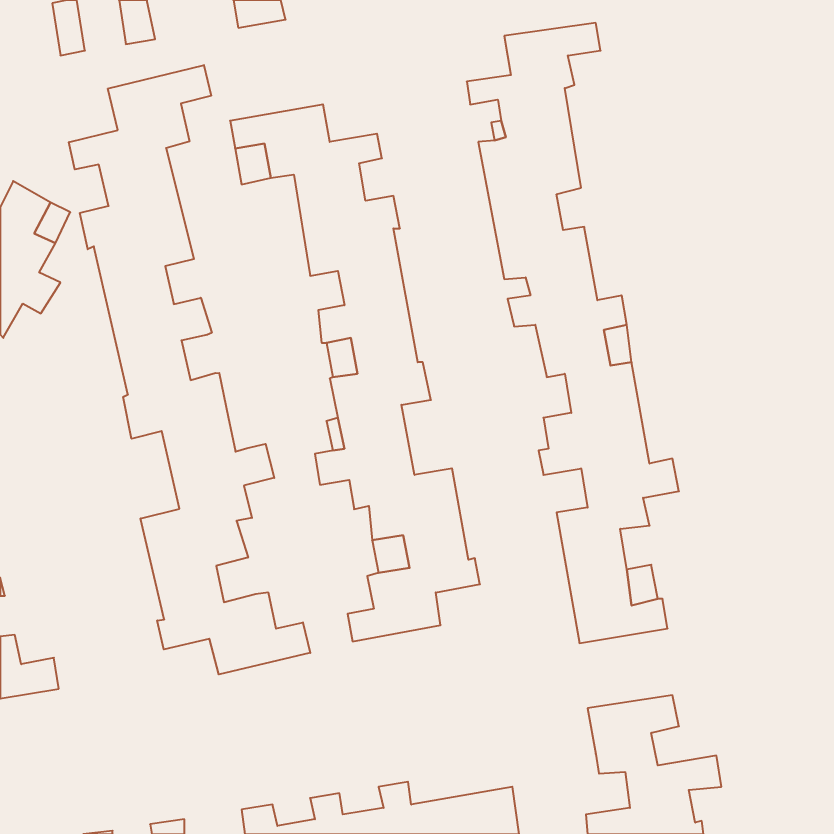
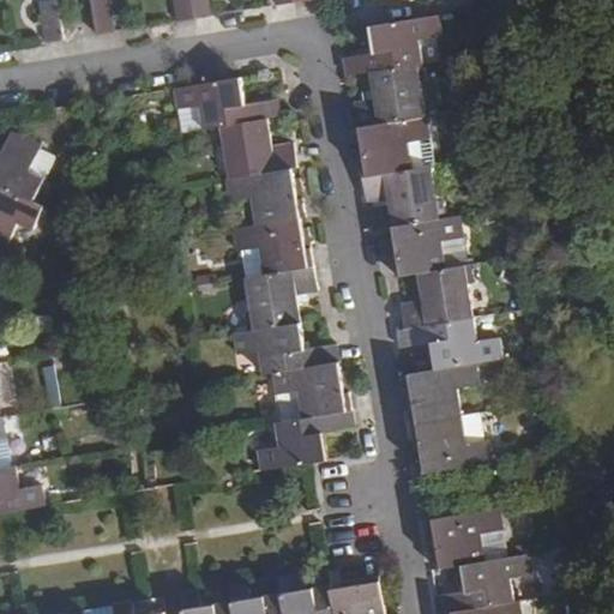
building: [69,65,310,674] -> none

